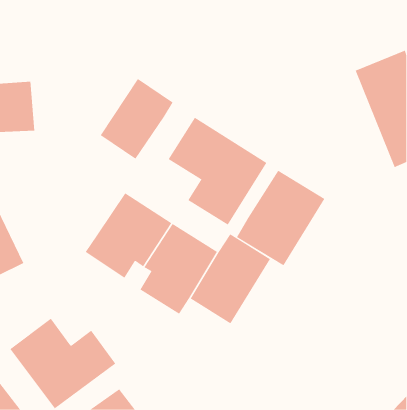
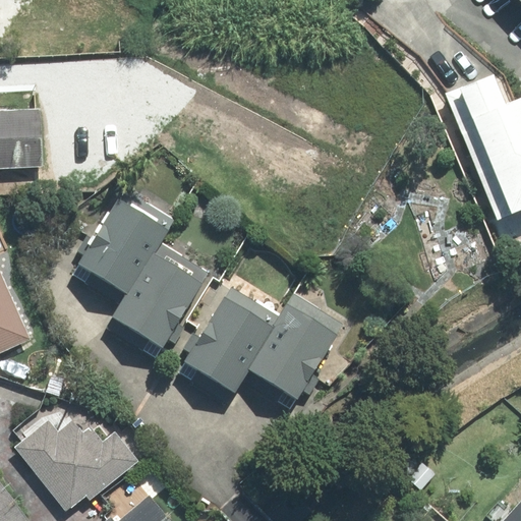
building: [100,78,174,159] -> [76,195,170,298]
building: [168,117,267,226] -> none
building: [236,170,325,266] -> none

